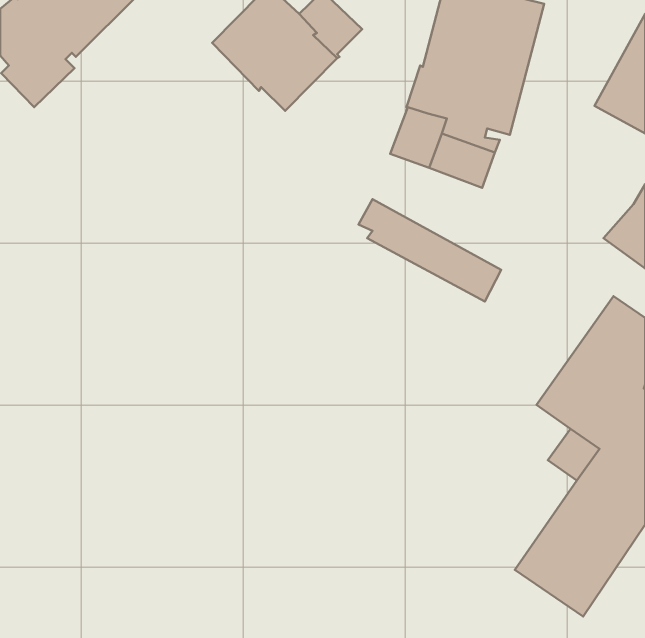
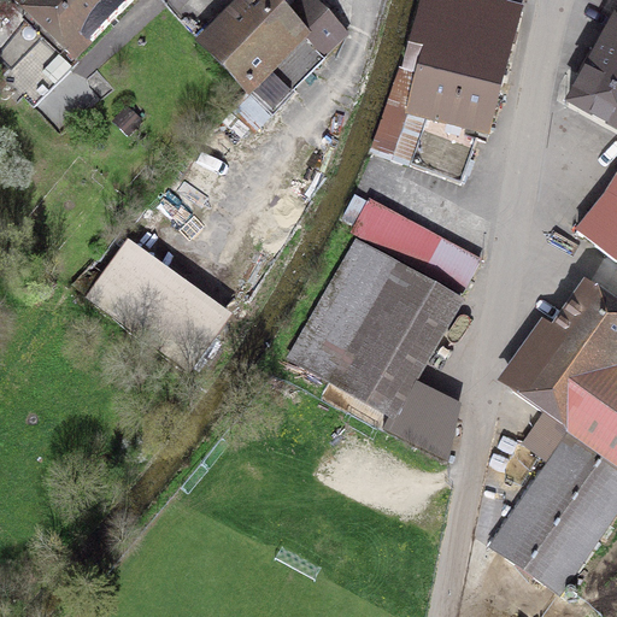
building: none -> [288,237,459,457]
building: none -> [90,246,224,366]

